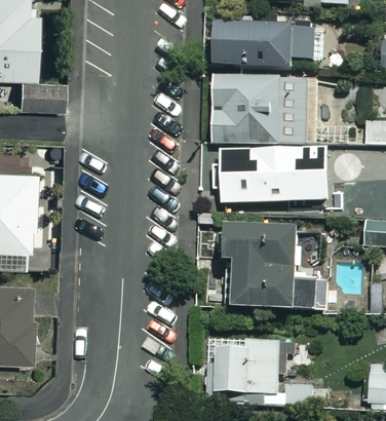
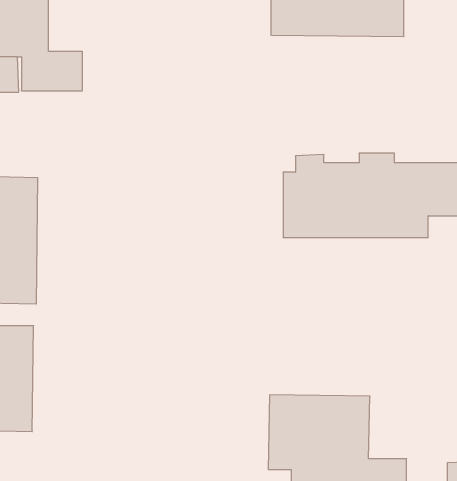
building: [207,63,308,131] -> none
building: [222,226,320,319] -> none

